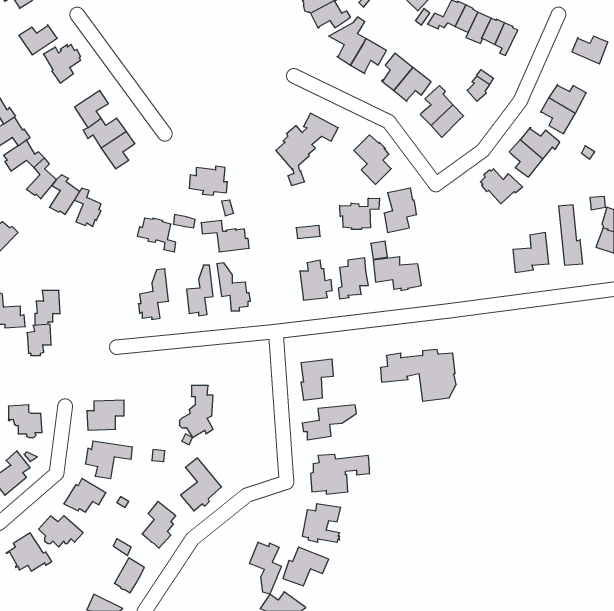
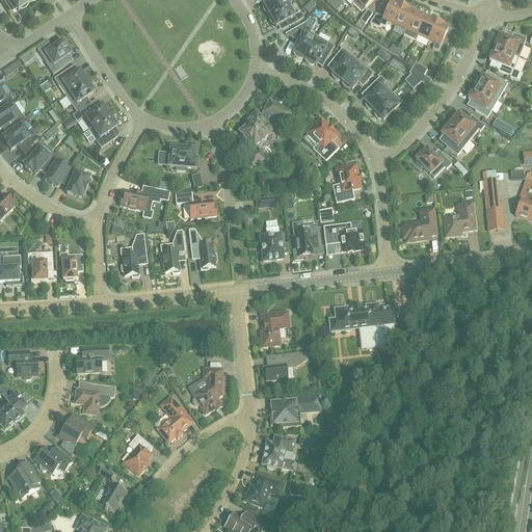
building: [19,25,57,55] -> [53,66,86,92]
building: none -> [488,45,522,79]
building: [340,198,379,229] -> none
building: none -> [401,206,435,239]
building: [27,324,51,356] -> [61,251,82,278]
building: [179,386,213,437] -> [192,367,221,411]
building: [250,542,281,594] -> none

